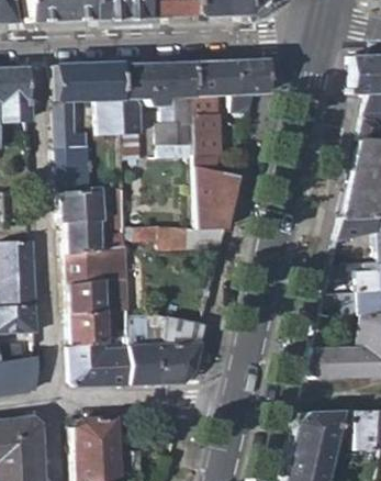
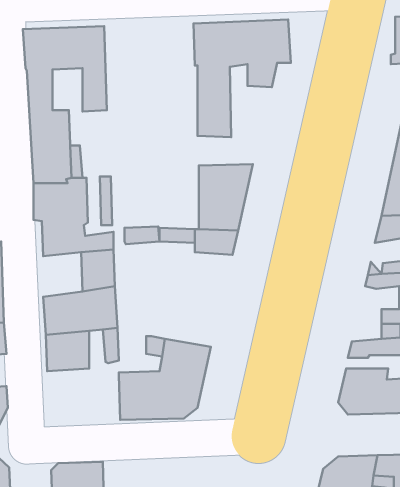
building: [117,61,193,158] -> none
building: [68,247,100,283] -> none
building: [71,342,131,385] -> none

